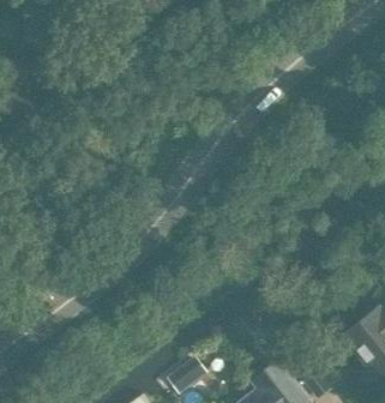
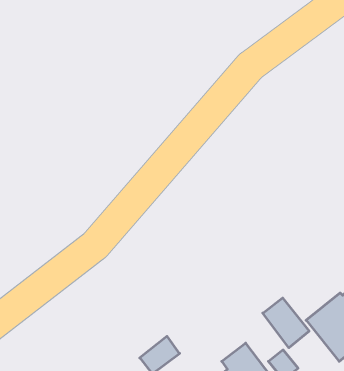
building: none -> [263,298,309,348]

